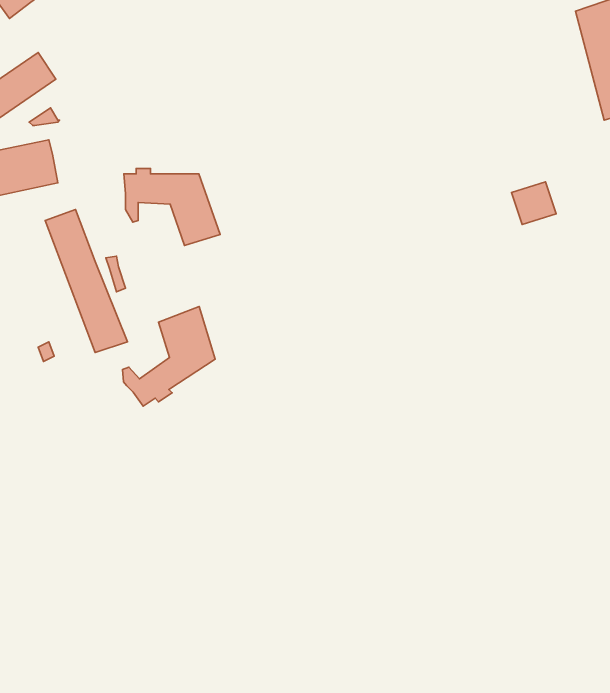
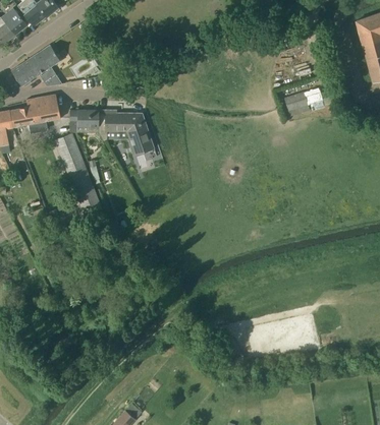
building: none -> [70,110,100,130]
building: [512,182,556,225] -> [284,92,310,116]
building: [123,307,215,406] -> none

